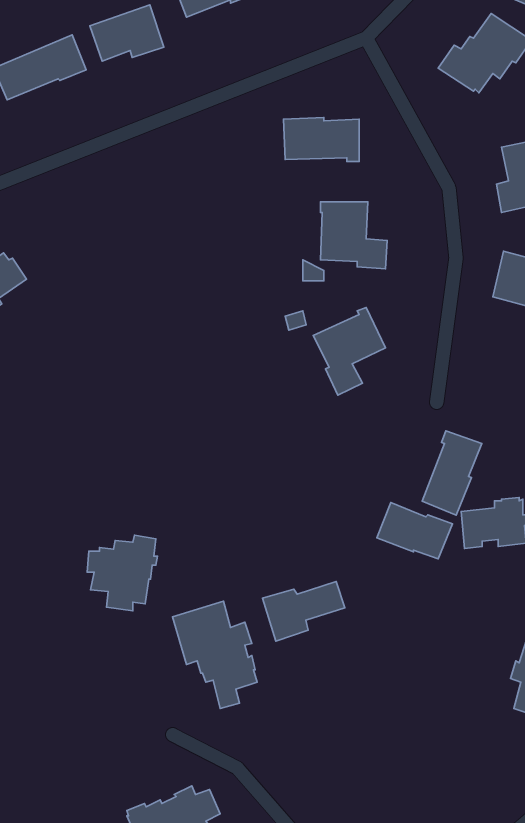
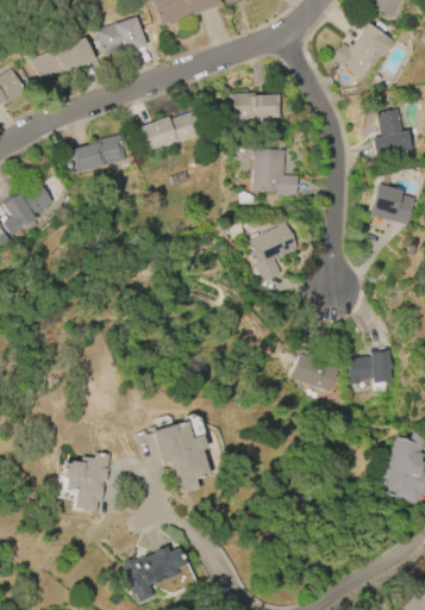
building: none -> [139,111,202,152]
building: none -> [73,135,126,172]
building: [422,431,482,515] -> none
building: [87,535,157,611] -> [63,453,111,504]
building: [262,582,345,641] -> none

